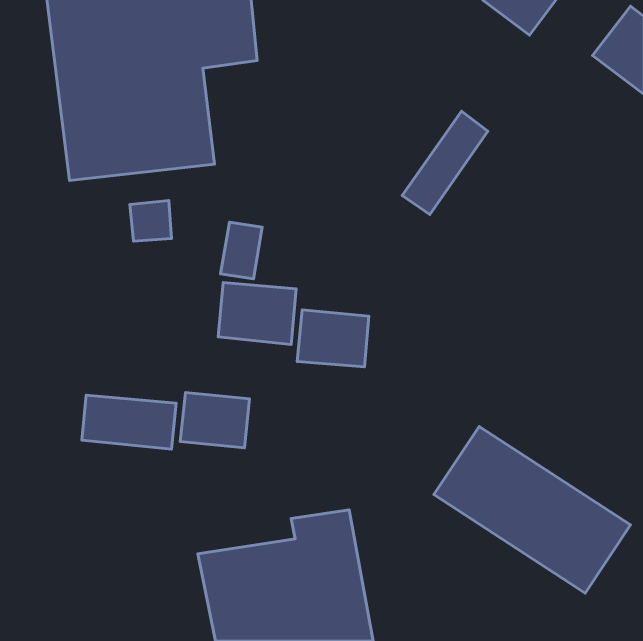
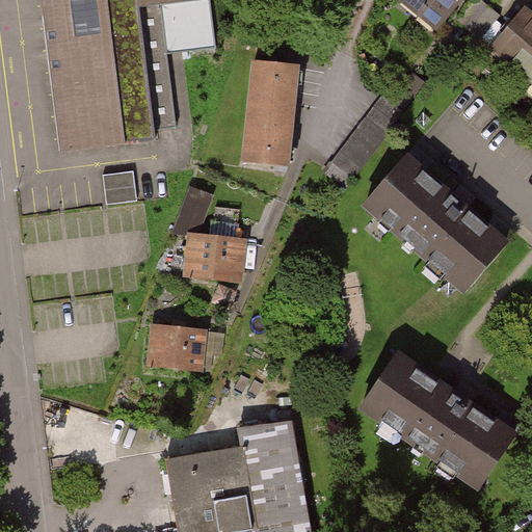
building: none -> [234,58,299,170]
building: none -> [364,158,511,297]
building: [297,310,369,367] -> none
building: [82,395,176,449] -> none

